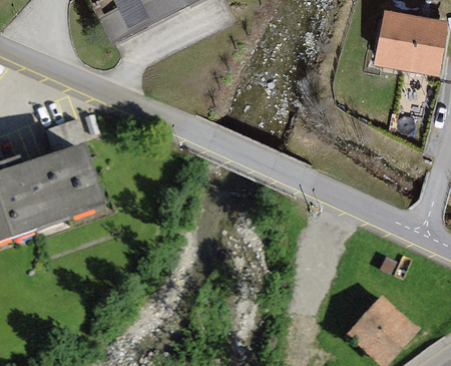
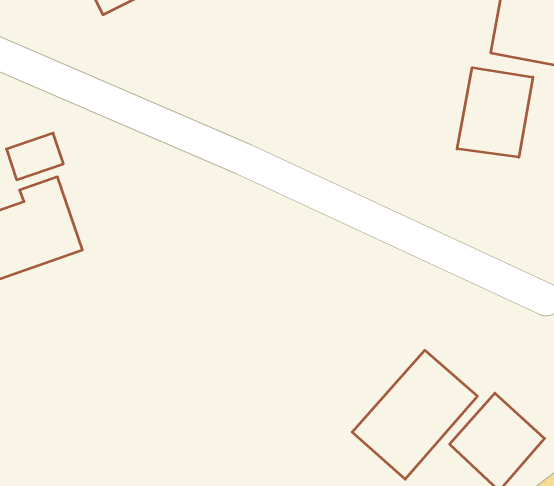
building: none -> [457,68,533,157]
building: none -> [352,350,477,479]

